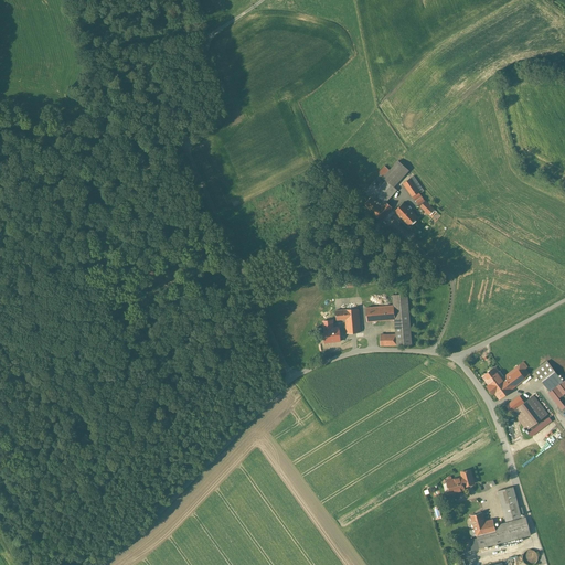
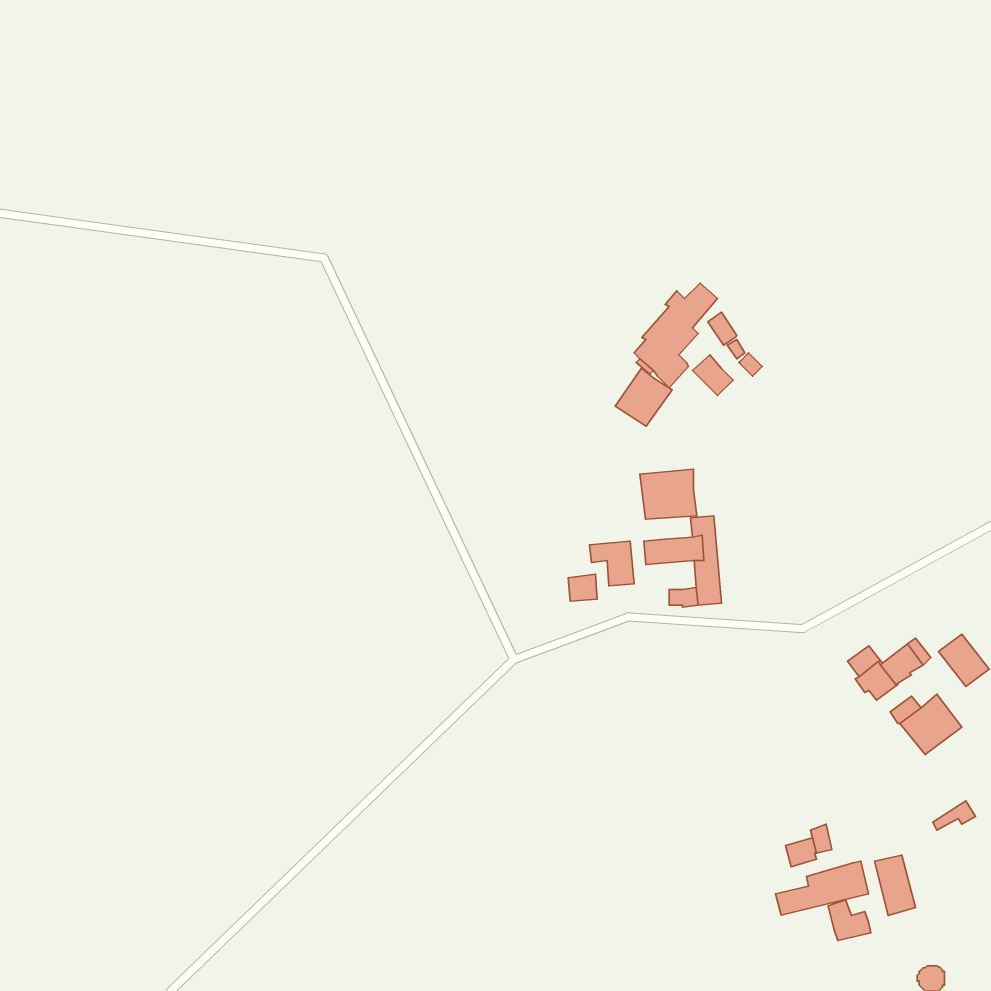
building: none -> [615,368,672,426]
building: none -> [640,469,697,519]
building: [477,516,530,547] -> [775,861,869,915]

